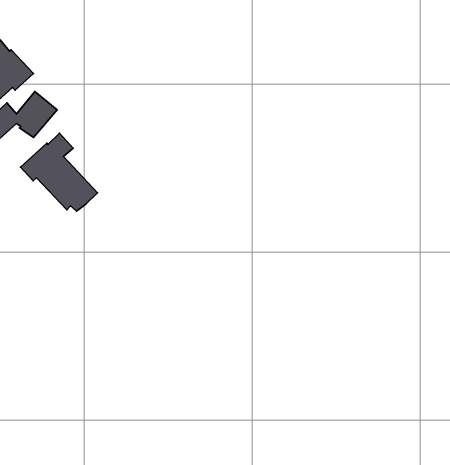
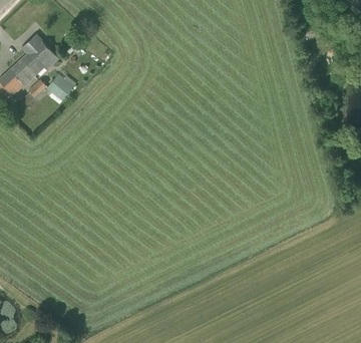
building: [21,133,98,211] -> none

